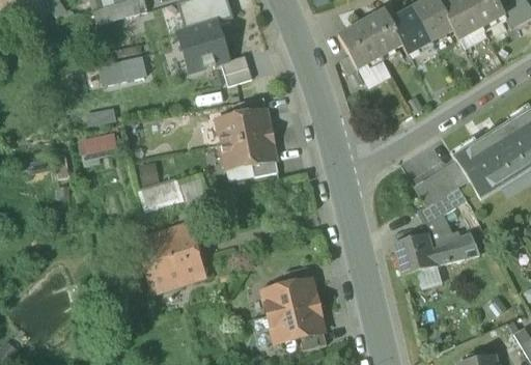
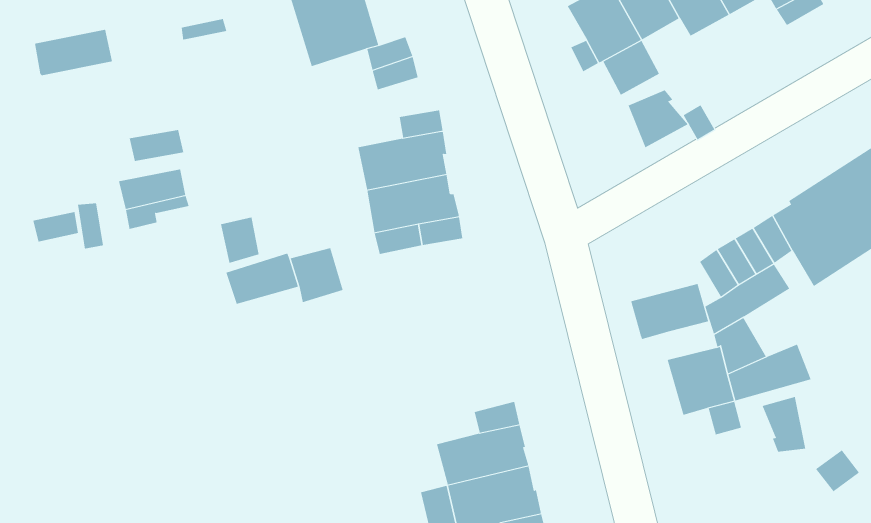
building: [101,55,146,82] -> [34,29,113,76]
building: none -> [628,89,688,148]
building: none -> [631,283,709,340]
building: [137,223,206,290] -> none
building: none -> [762,396,806,452]

